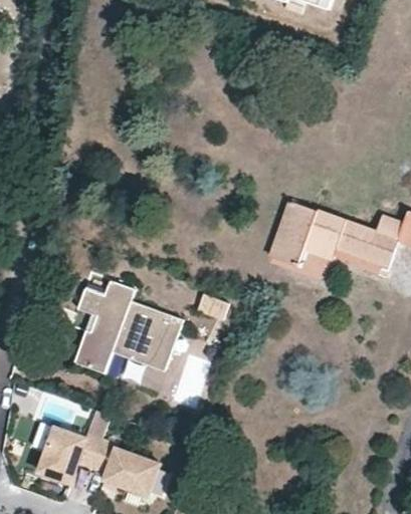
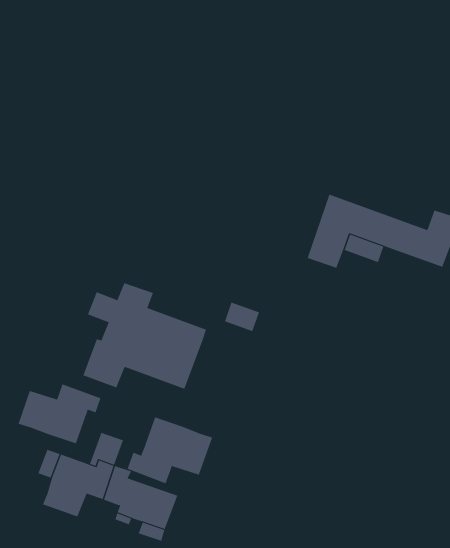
building: none -> [18,383,101,444]
building: none -> [127,417,213,484]

